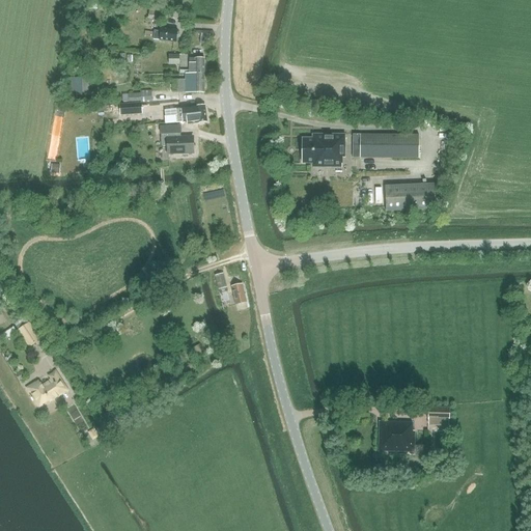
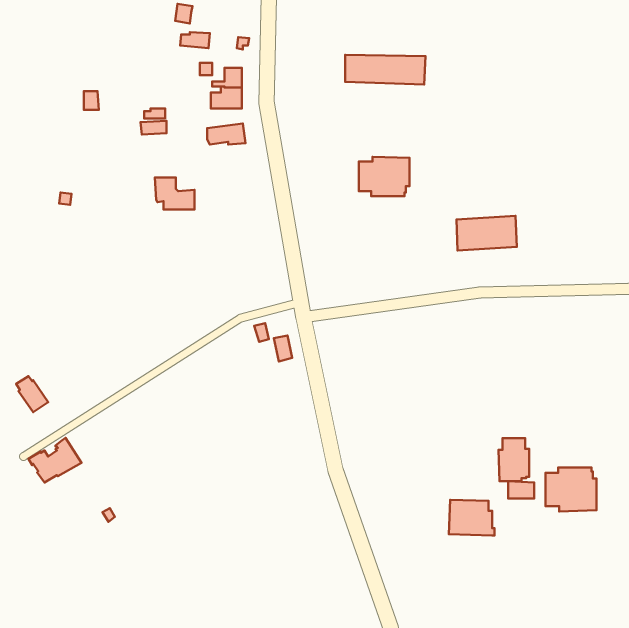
building: [160,124,193,151] -> [155,178,194,210]
building: [352,133,419,158] -> [345,55,425,84]
building: none -> [499,438,529,481]
building: none -> [546,467,597,512]

